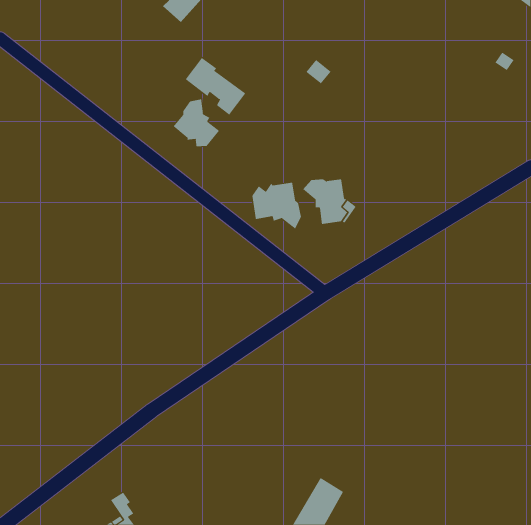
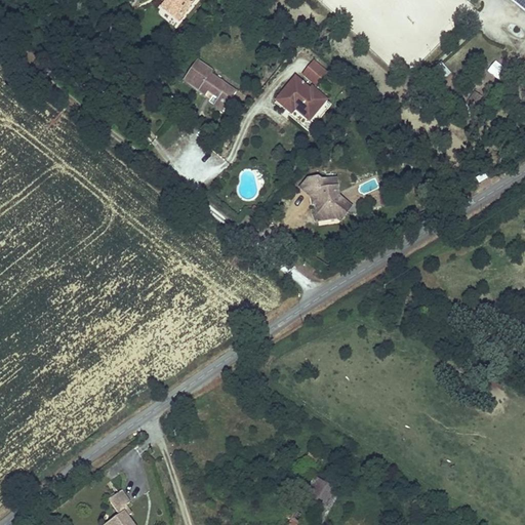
building: none -> [274,73,327,120]
building: [173,98,220,147] -> none
building: [252,182,302,229] -> none

